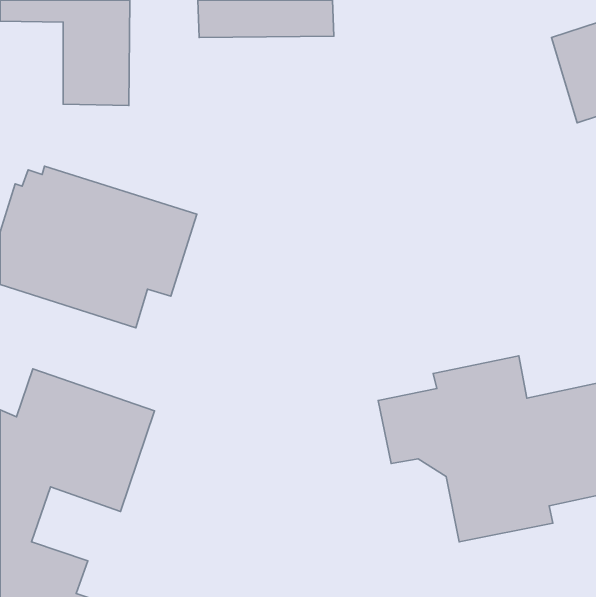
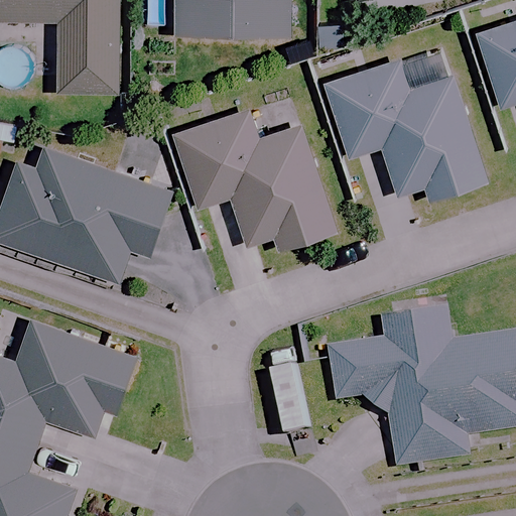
building: none -> [325,56,484,201]
building: none -> [171,110,334,252]

